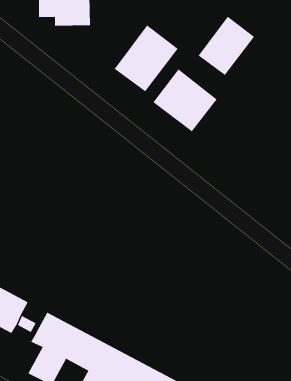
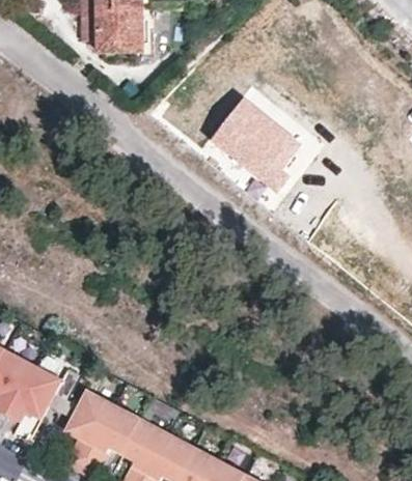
building: [198,16,255,76] -> none
building: [114,25,179,92] -> none

